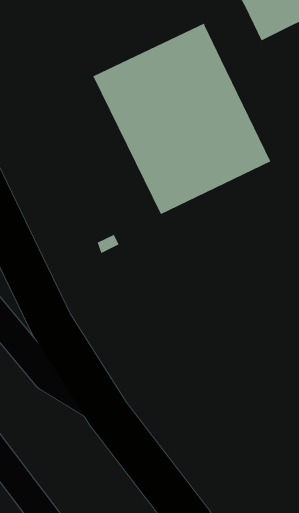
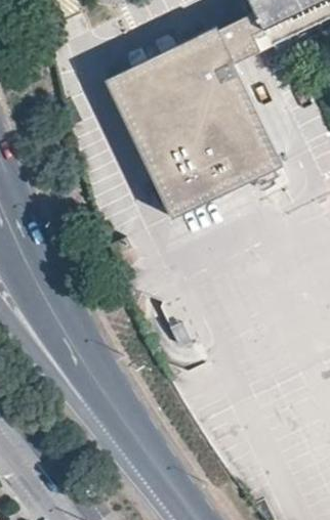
building: none -> [216,9,272,62]

